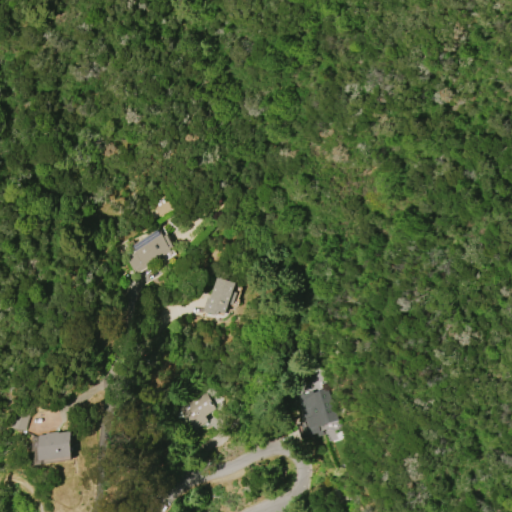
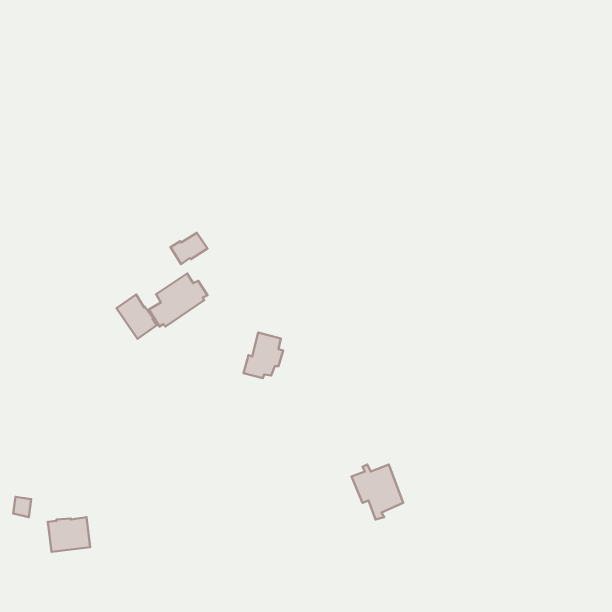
building: none -> [116,295,157,339]
building: [176,390,215,432] -> none

